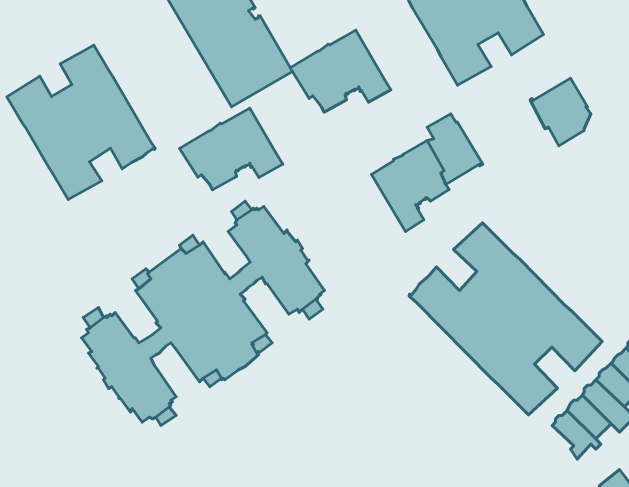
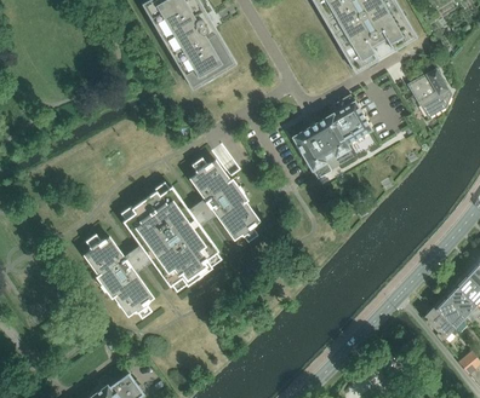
building: [290,30,391,112] -> none
building: [7,45,155,200] -> none
building: [180,108,283,190] -> none
building: [409,223,602,415] -> none

